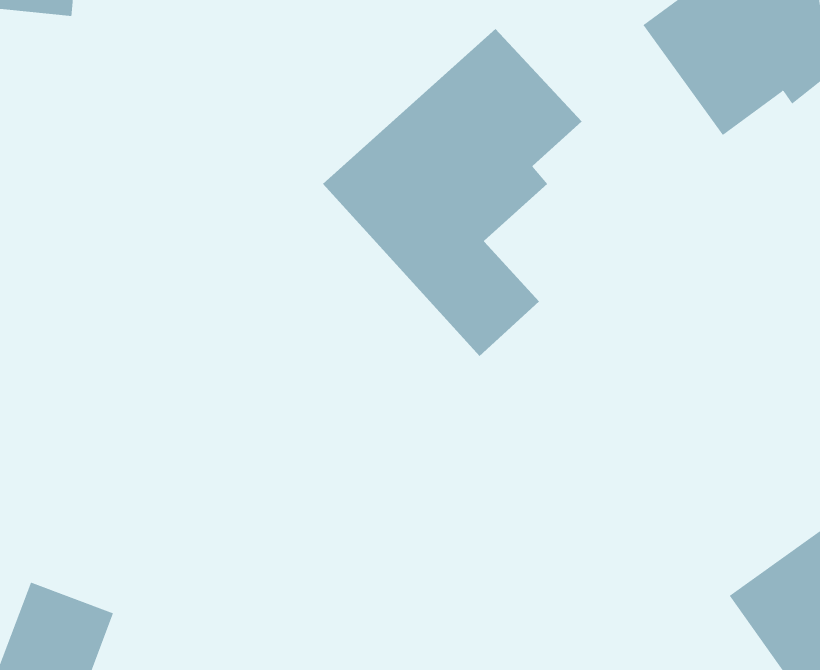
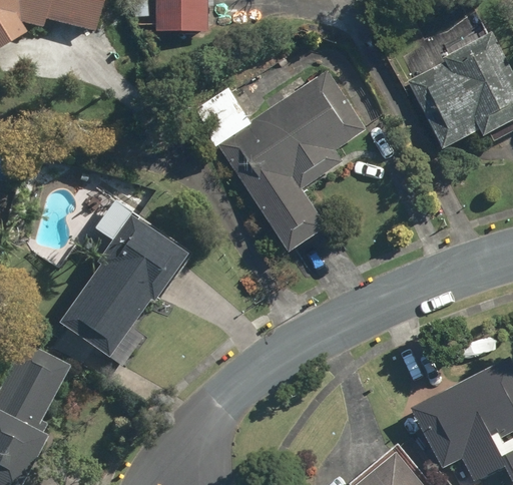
building: none -> [56,214,182,358]

